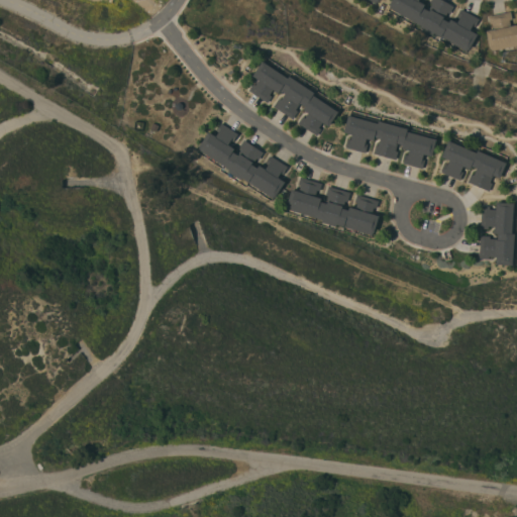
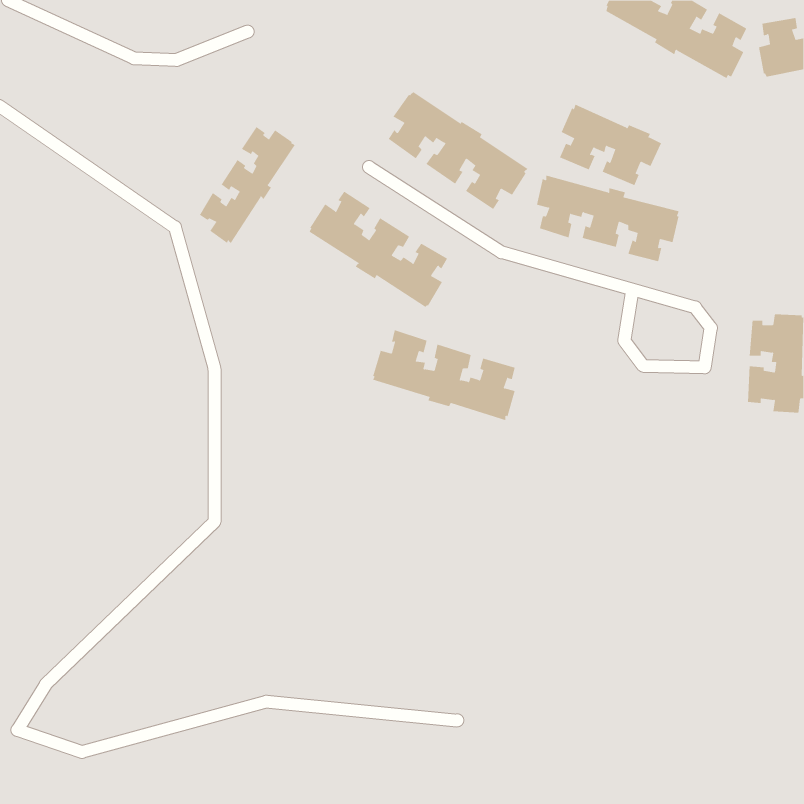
building: none -> [199,126,295,244]
building: [440,138,506,191] -> [559,104,662,186]
building: [286,177,378,235] -> [372,330,516,421]

